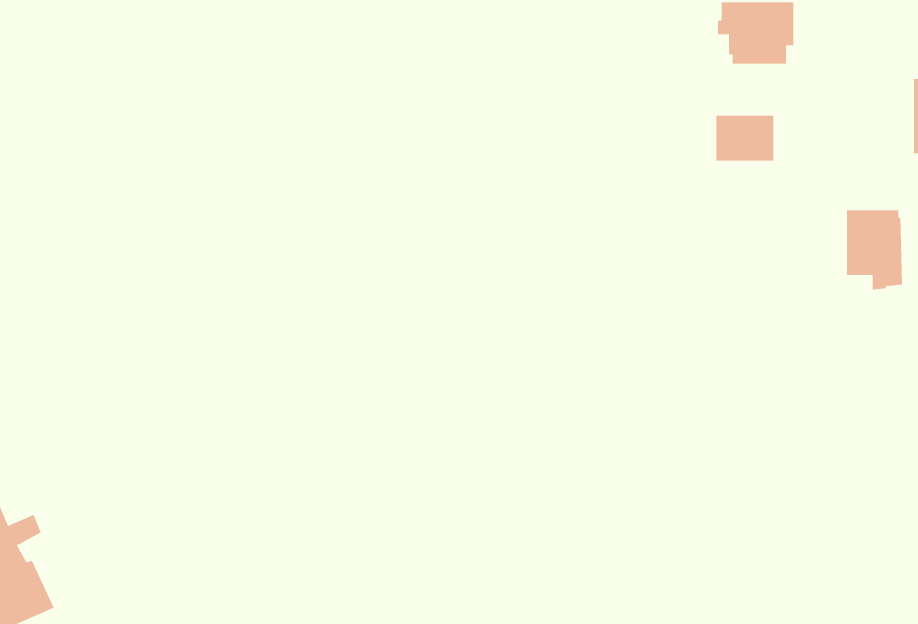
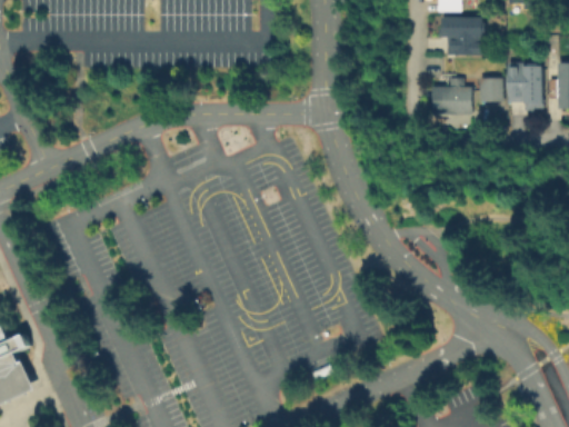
building: none -> [477,79,500,105]
building: [846,210,903,290] -> [507,63,541,112]

